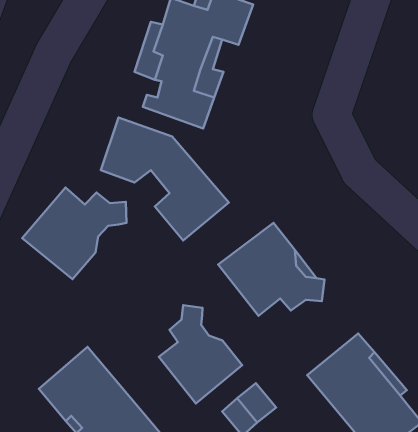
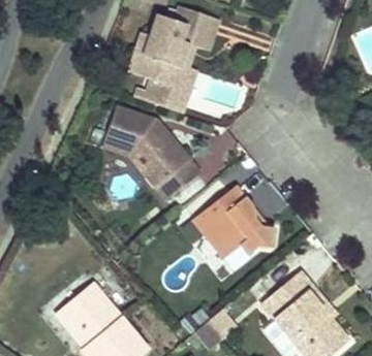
building: [22,187,127,279] -> none
building: [159,305,242,403] -> none

